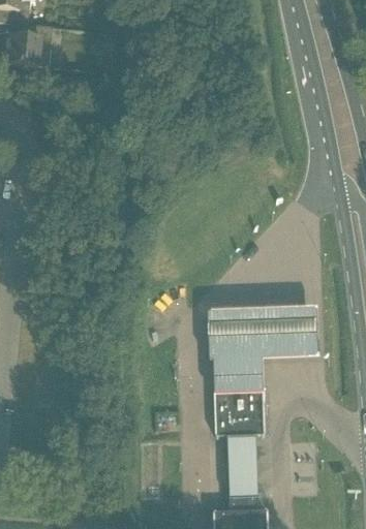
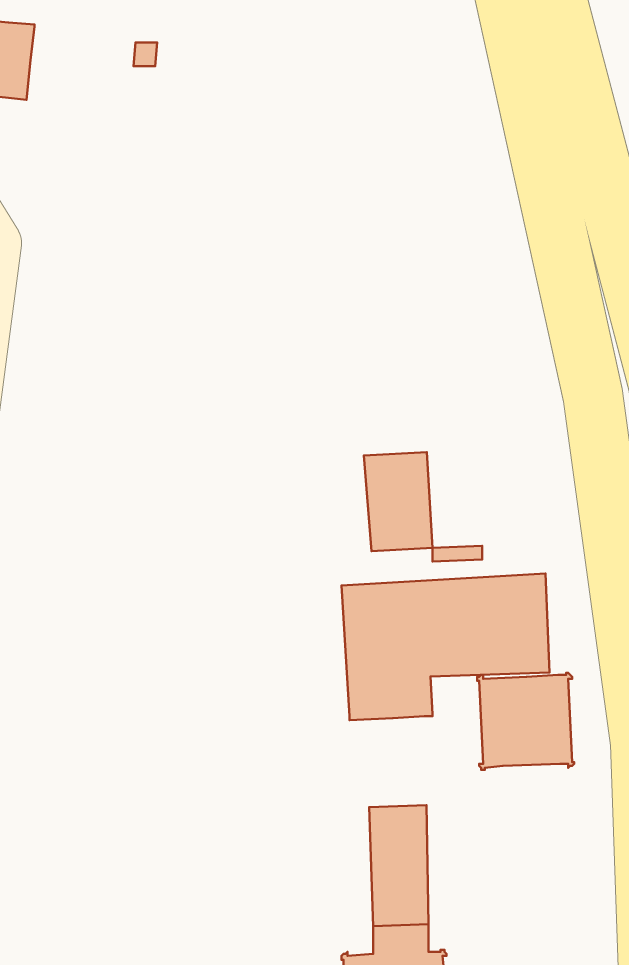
building: none -> [364,452,433,551]
building: [213,379,264,430] -> [477,673,574,770]

